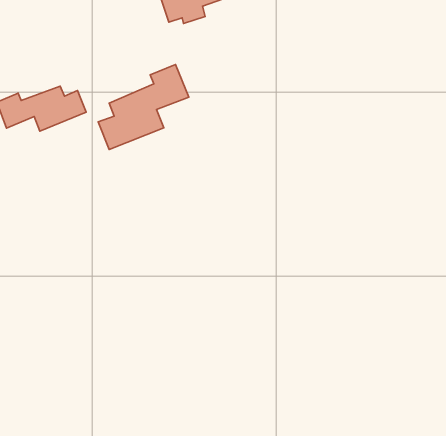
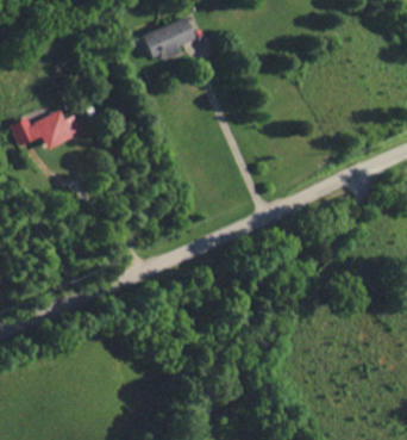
building: [98,65,189,149] -> none

